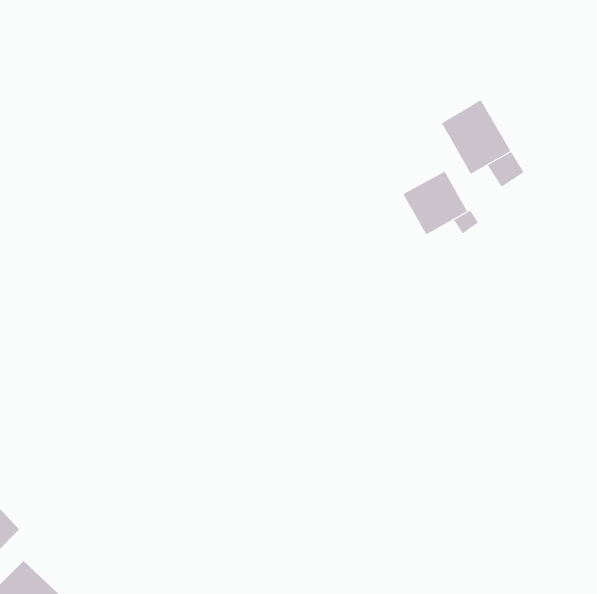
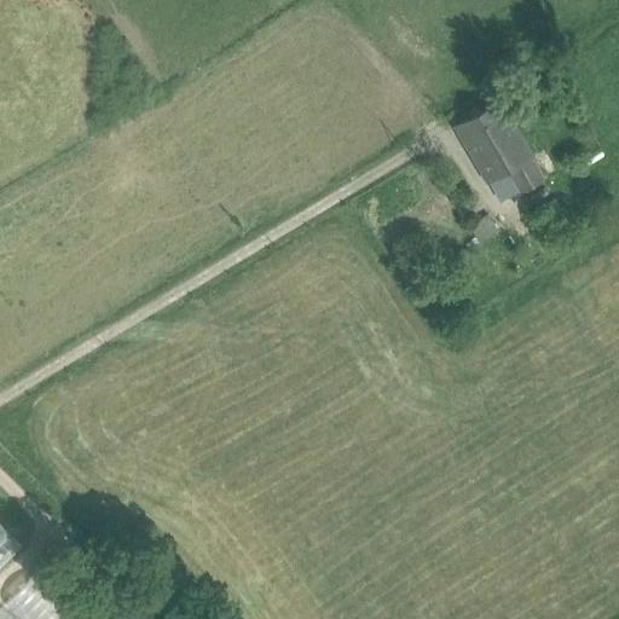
building: [403,171,468,235] -> none

